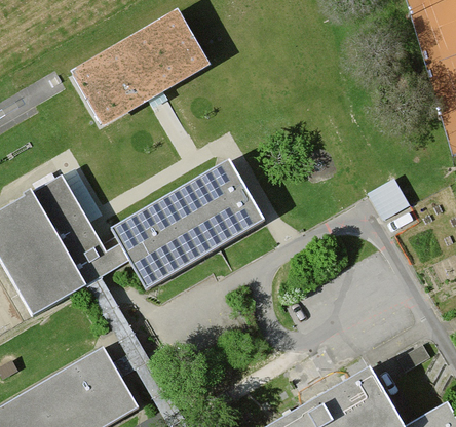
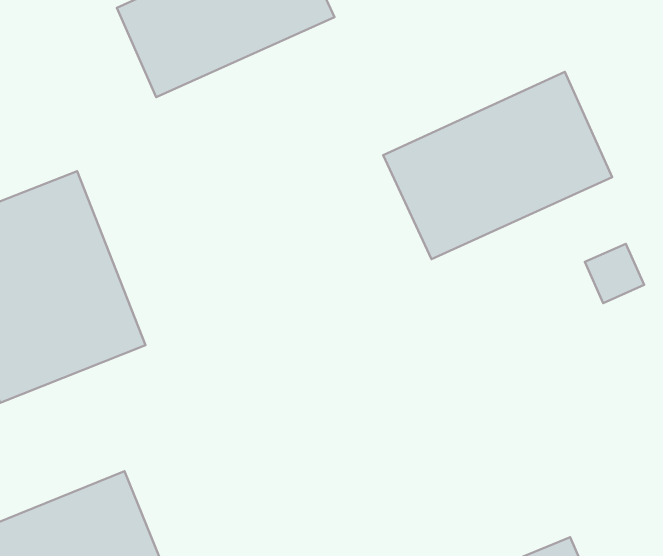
building: none -> [383,72,612,259]
building: [110,154,265,287] -> none

